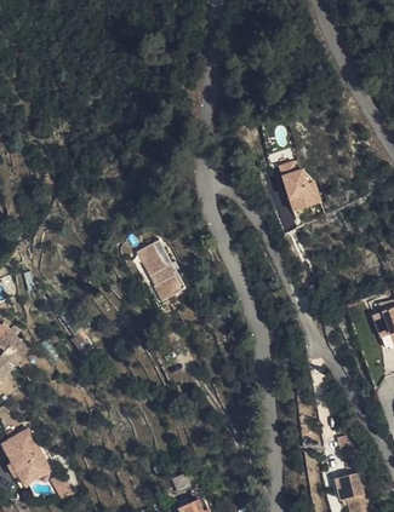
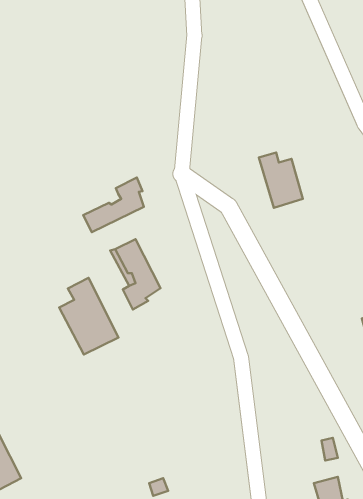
building: none -> [83,177,144,232]
building: none -> [59,278,118,355]

